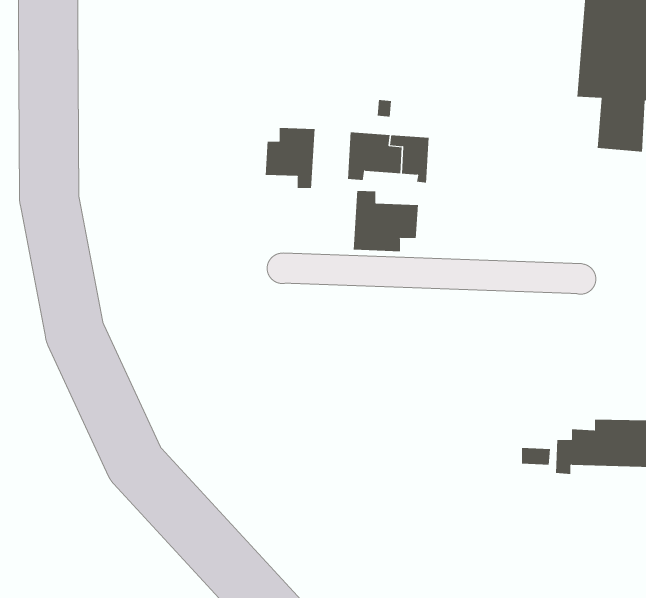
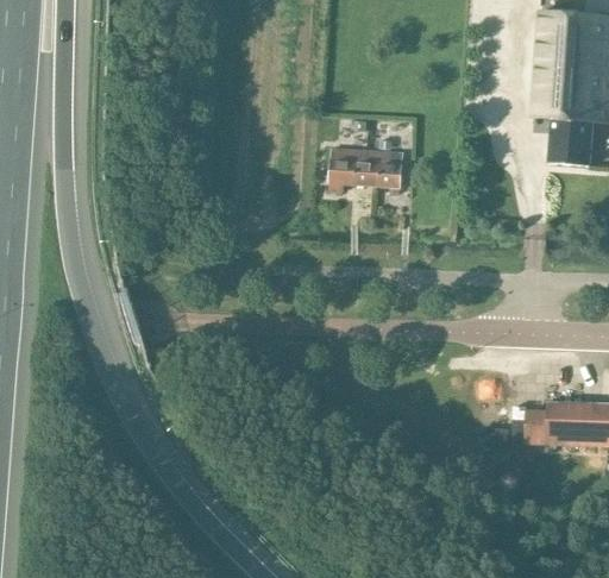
building: [265,127,315,189] -> none
building: [353,190,419,252] -> none

